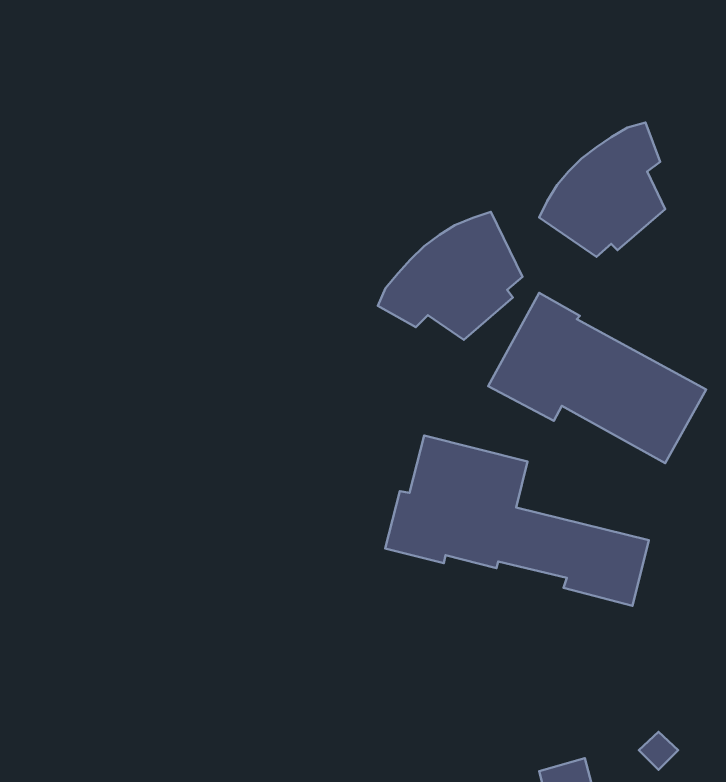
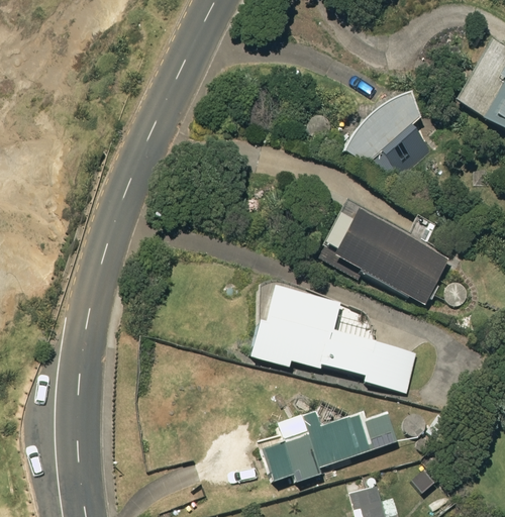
building: [378,212,523,340] -> none
building: none -> [267,404,396,482]

